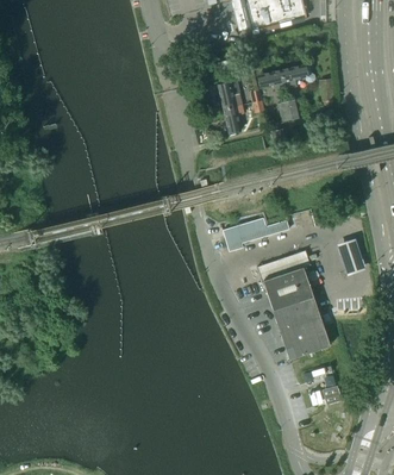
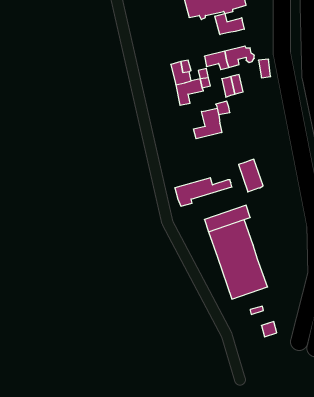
building: none -> [215,13,244,35]
building: none -> [194,108,222,139]
building: [337,237,365,275] -> [239,159,263,192]

